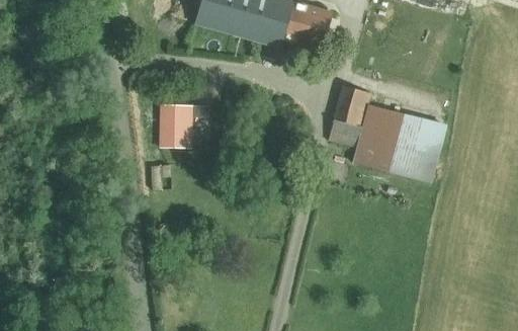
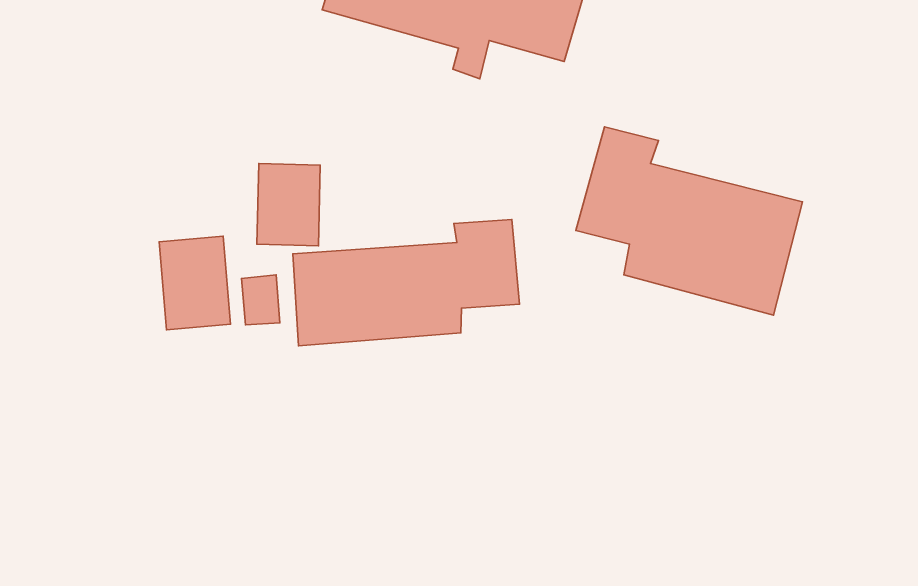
building: none -> [293,220,520,346]
building: none -> [159,236,230,330]

